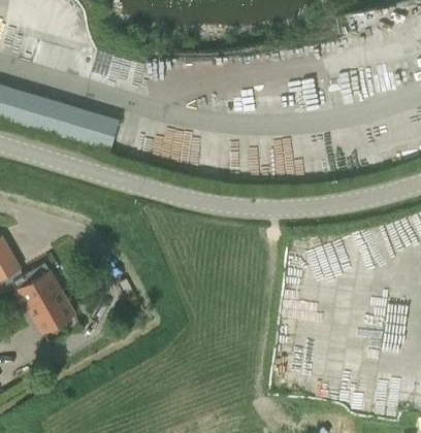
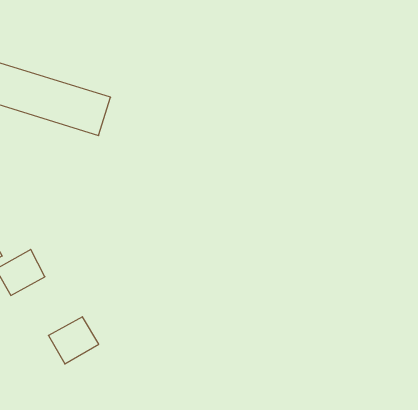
building: [27,289,74,333] -> [48,317,99,364]

